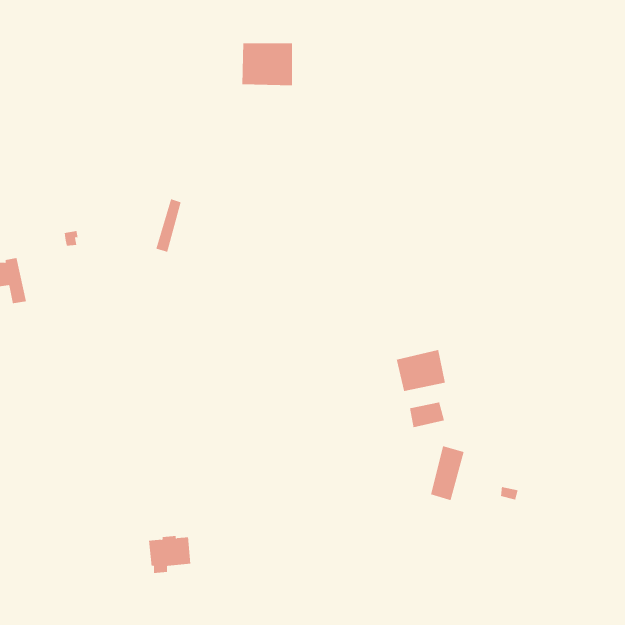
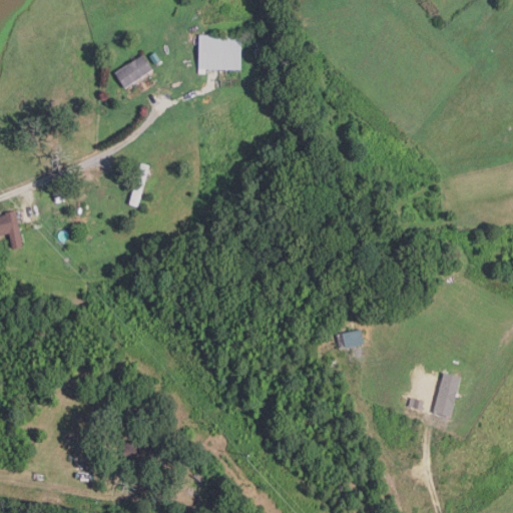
building: none -> [113,55,151,89]
building: [396,349,445,392] -> none
building: [430,446,465,501] -> [433,373,461,418]

